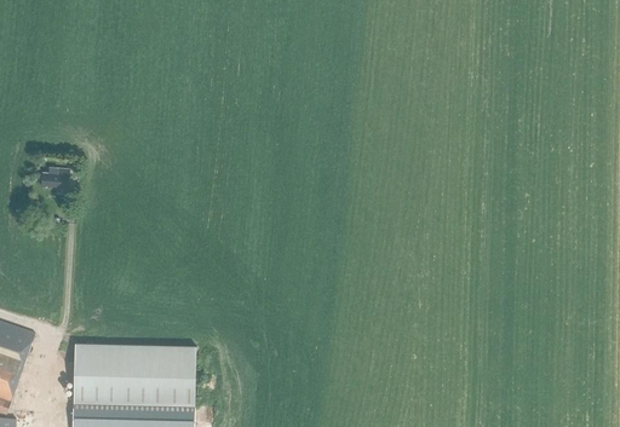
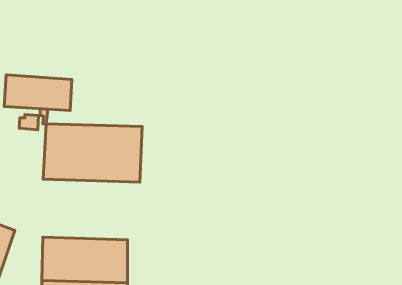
building: none -> [4,75,72,110]
building: none -> [43,124,142,182]

